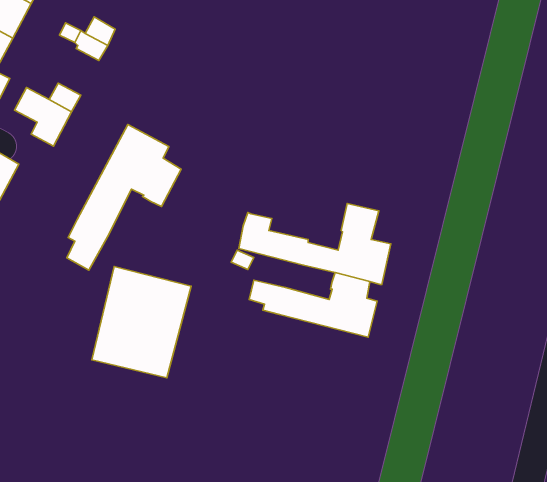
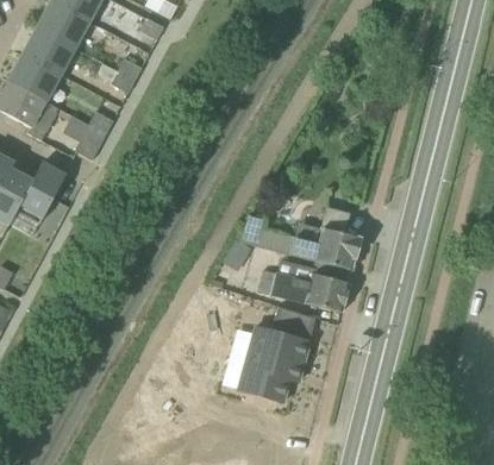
building: [67,124,181,270] -> none
building: [92,267,191,378] -> [229,315,307,403]

